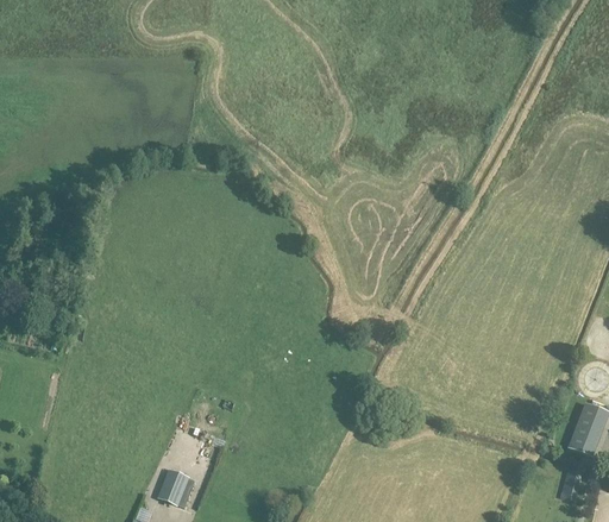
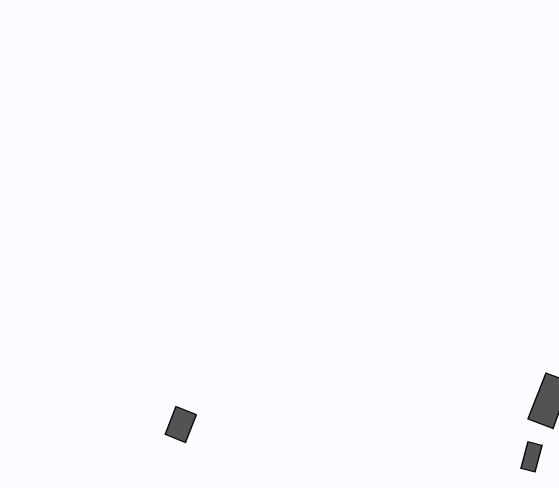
building: [157,468,188,504] -> [165,407,196,443]

